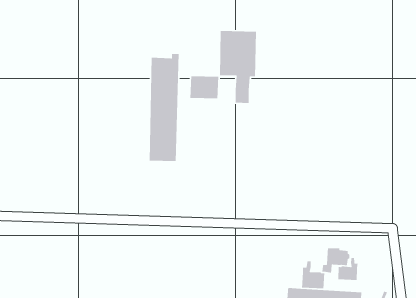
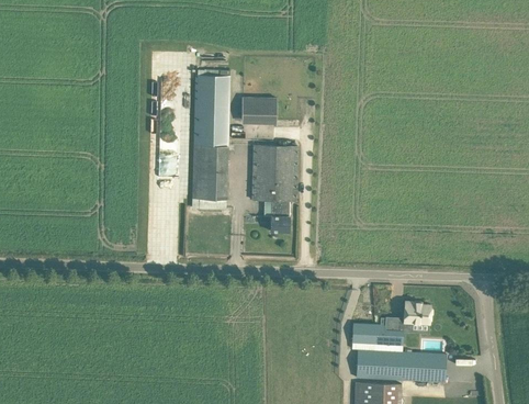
building: [219,30,257,104] -> [252,145,297,233]
building: [337,257,358,281] -> none
building: none -> [351,324,375,350]

